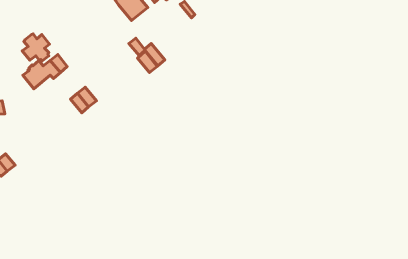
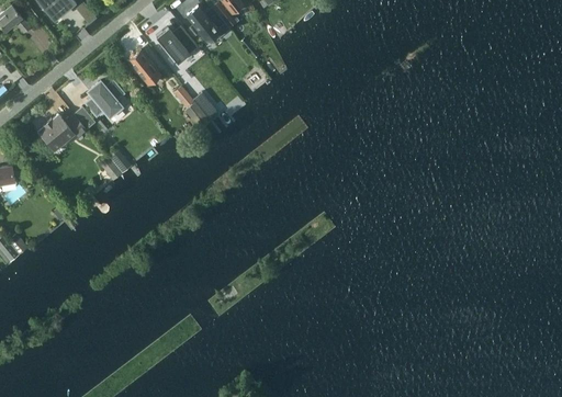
building: none -> [127,52,160,87]
building: [22,34,50,61] -> [86,82,121,117]

